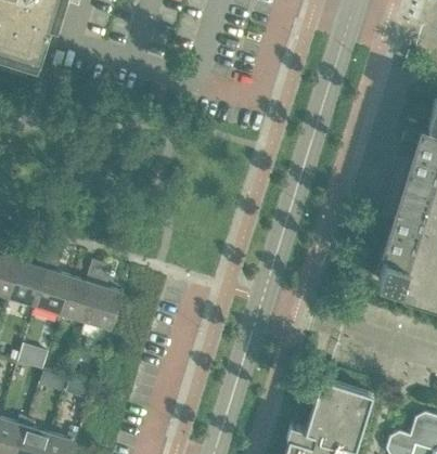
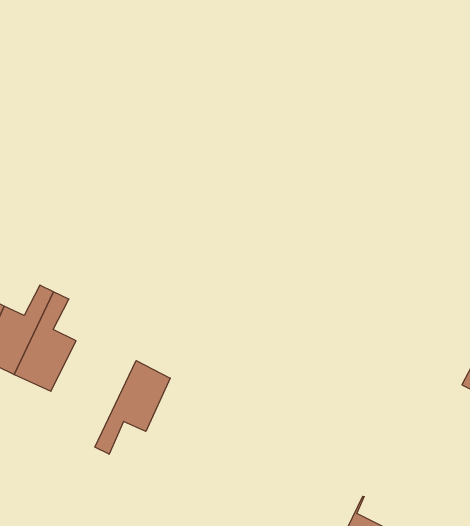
building: none -> [95,361,170,454]

